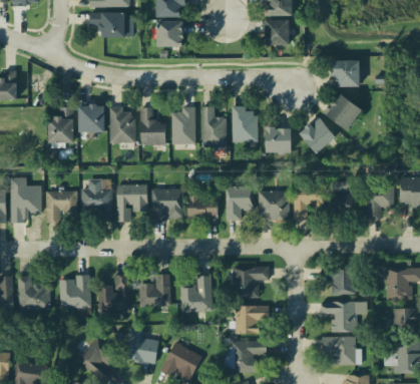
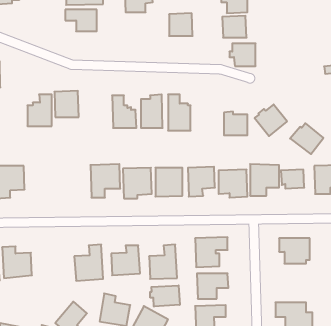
building: [155,20,181,45] -> [169,13,193,36]
building: [329,60,358,85] -> [229,43,256,66]
building: [323,94,360,128] -> [290,123,323,154]
building: [109,106,135,142] -> none
building: [233,106,259,141] -> none
building: [82,178,113,221] -> none
building: [47,190,77,222] -> none
building: [59,274,92,309] -> none
building: [322,301,357,331] -> none
building: none -> [150,285,180,307]

